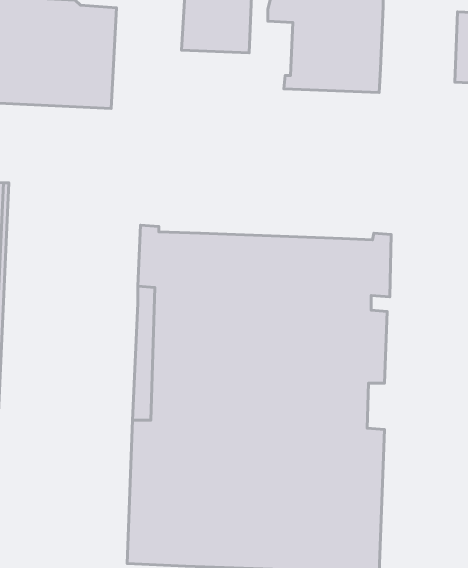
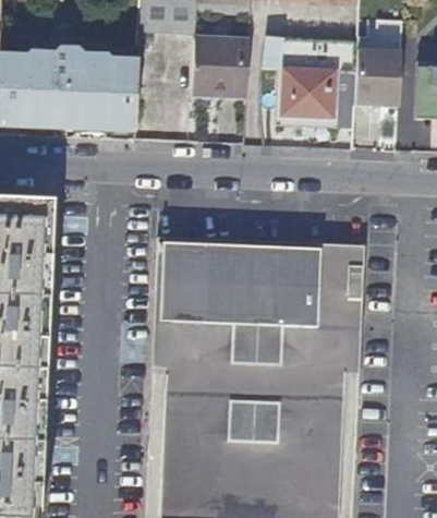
building: none -> [355,55,401,108]

